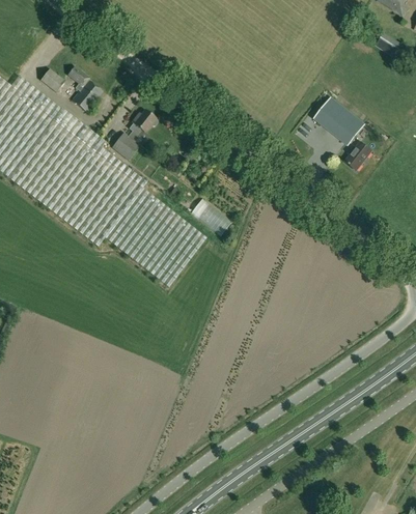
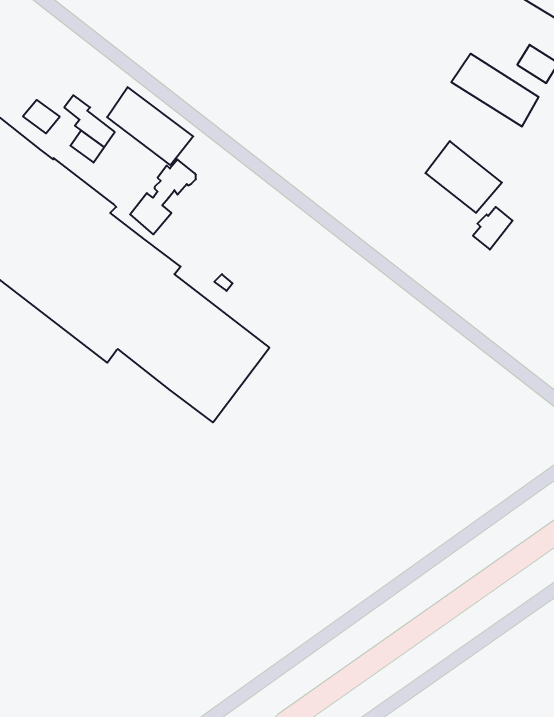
building: none -> [451,54,539,127]
building: none -> [107,87,193,165]

